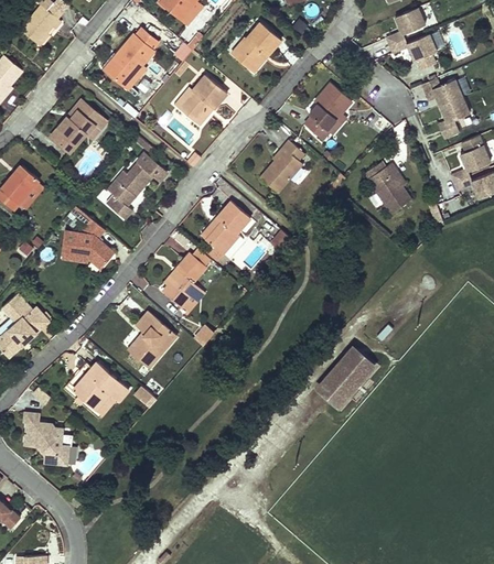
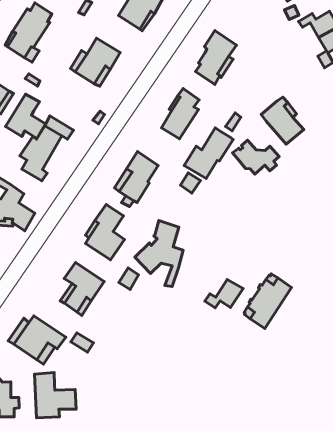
building: none -> [6,94,46,139]
building: none -> [184,128,233,178]
building: none -> [232,140,279,174]
building: none -> [135,221,183,287]
building: none -> [205,279,243,308]
building: none -> [35,373,76,418]

